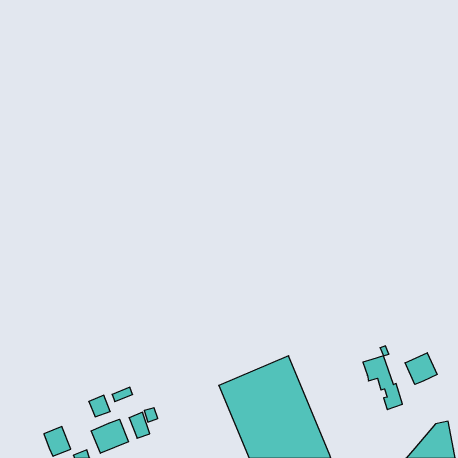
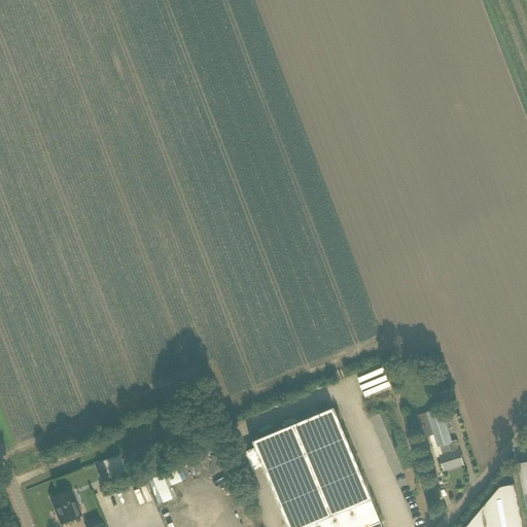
building: [405,353,437,384] -> none
building: [91,419,129,453] -> none

